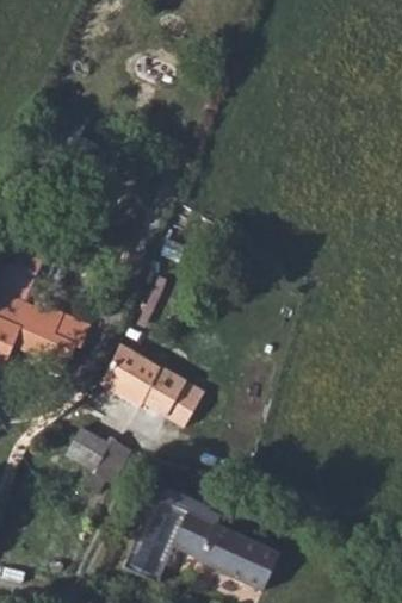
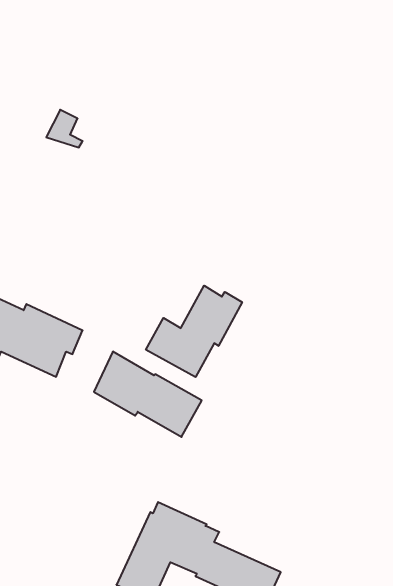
building: none -> [146,286,242,377]
building: [68,428,132,493] -> none

